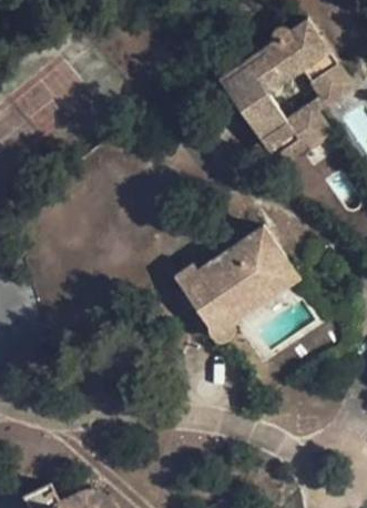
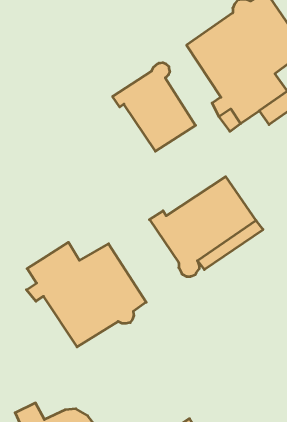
building: none -> [113,63,196,151]
building: none -> [26,242,146,347]

